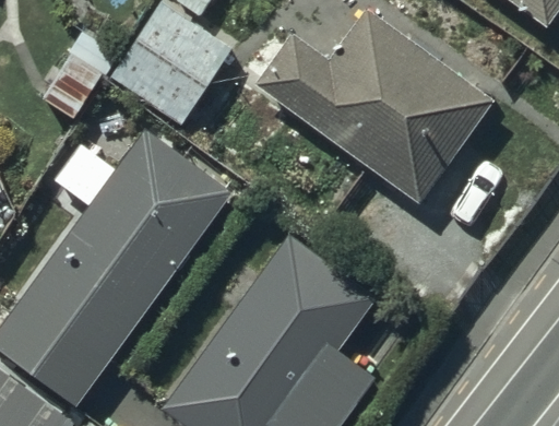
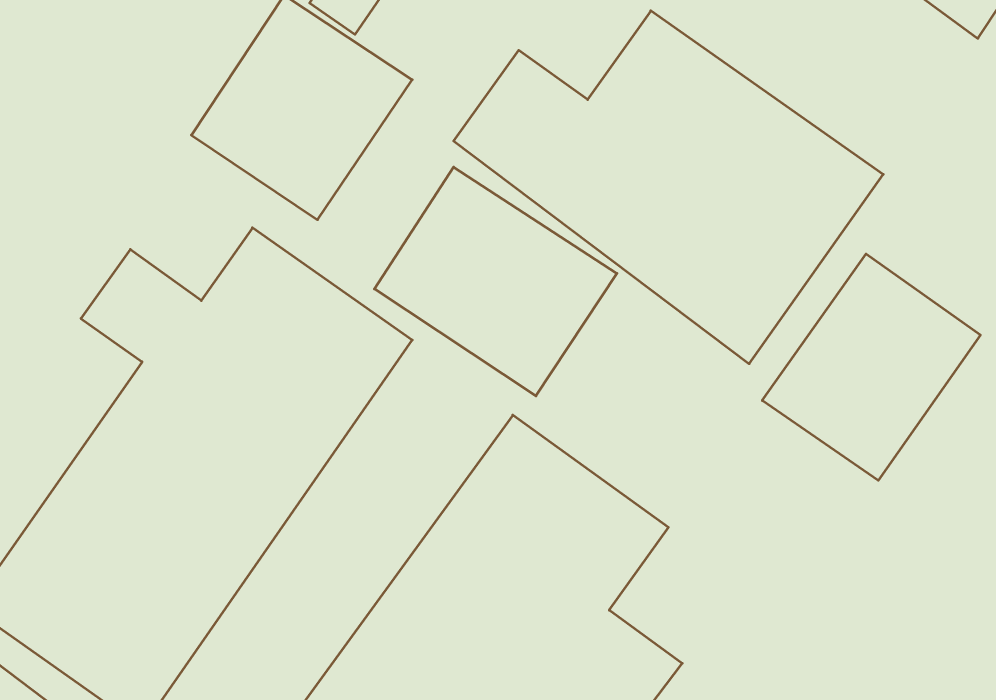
building: none -> [374,167,617,396]
building: none -> [762,254,980,480]

